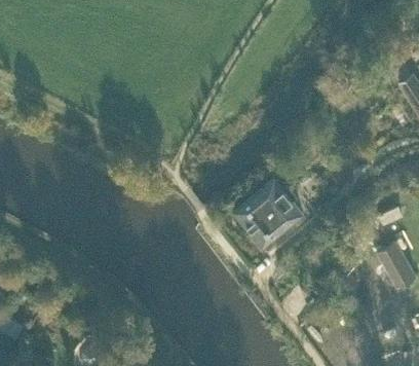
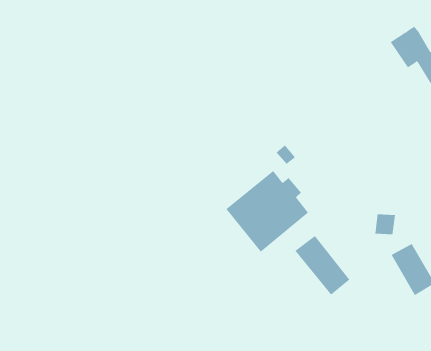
building: none -> [295,235,350,296]

